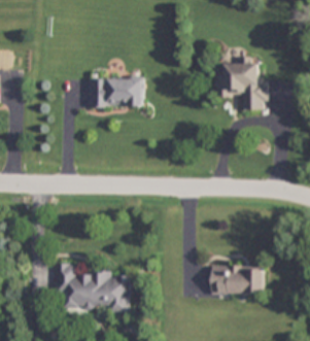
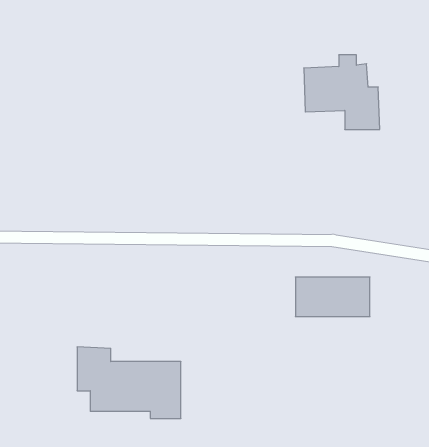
building: [90,75,142,105] -> none
building: [212,265,265,293] -> [295,277,370,317]

